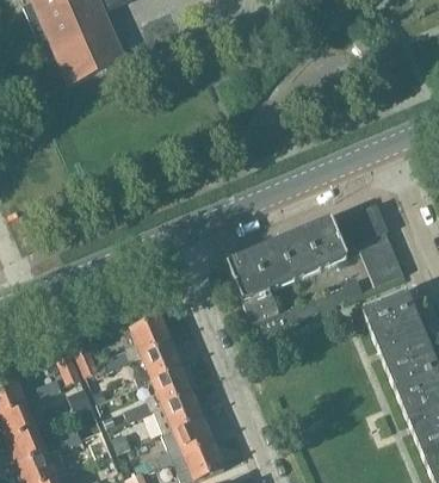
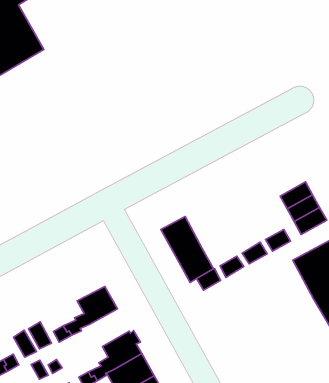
building: [340,204,387,243] -> none
building: [254,218,347,287] -> none
building: [132,341,181,384] -> none

